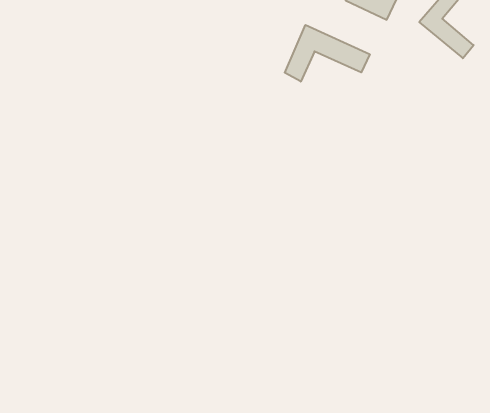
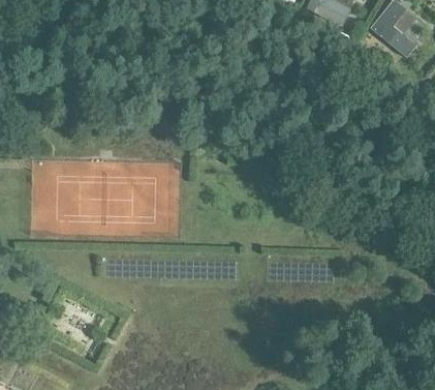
building: [285,25,370,82] -> none

